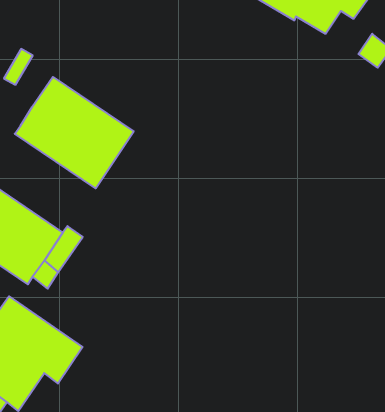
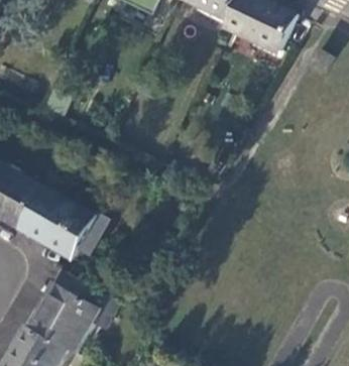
building: [15,77,134,188] -> none

